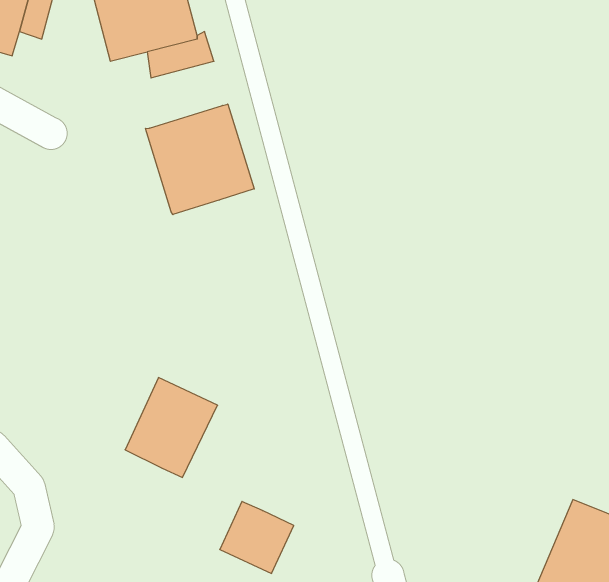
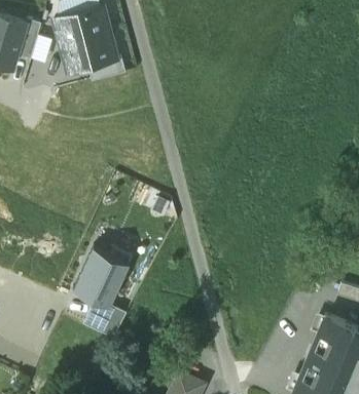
building: [146,104,254,215] -> none
building: [220,501,294,573] -> [84,299,125,339]

